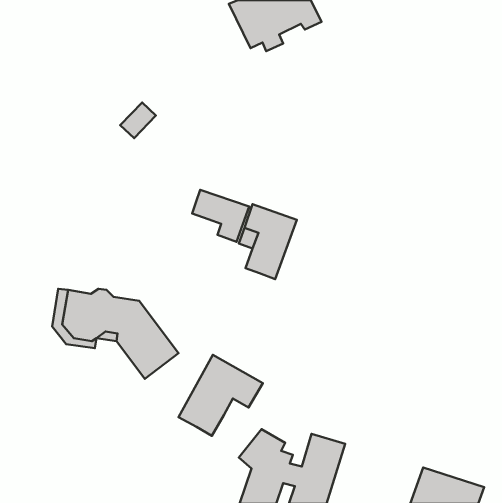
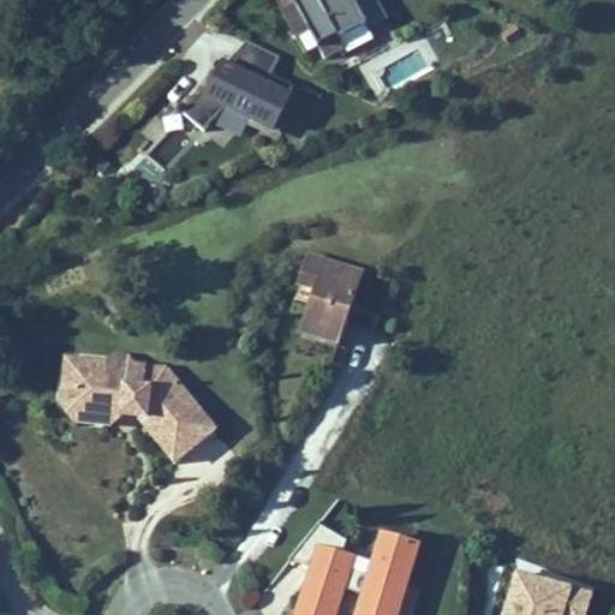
building: none -> [184,40,292,131]
building: [192,190,249,242] -> none
building: [178,355,263,436] -> none

